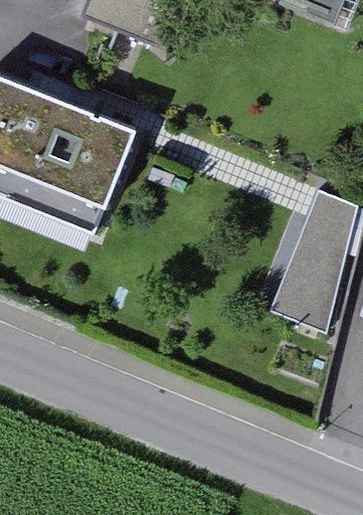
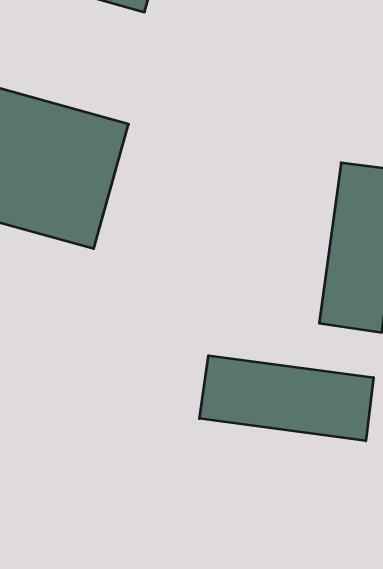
building: none -> [199,356,373,441]

